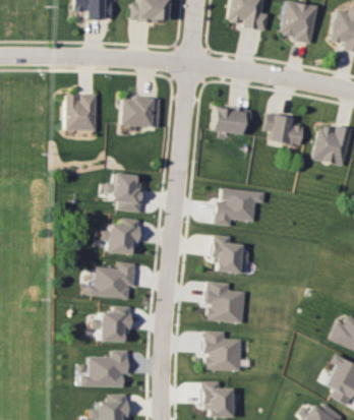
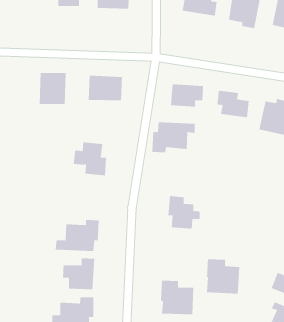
building: [216,189,266,225] -> [152,122,195,153]
building: [98,218,138,255] -> none
building: [208,282,246,322] -> [206,259,240,294]

